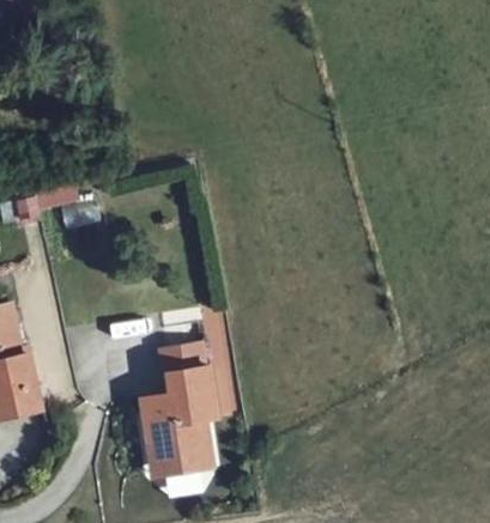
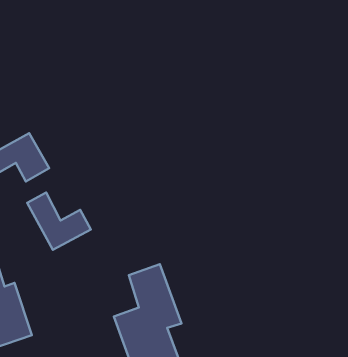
building: none -> [27,193,91,250]

